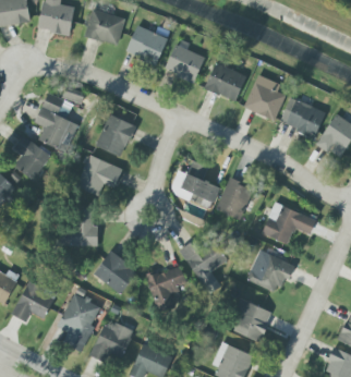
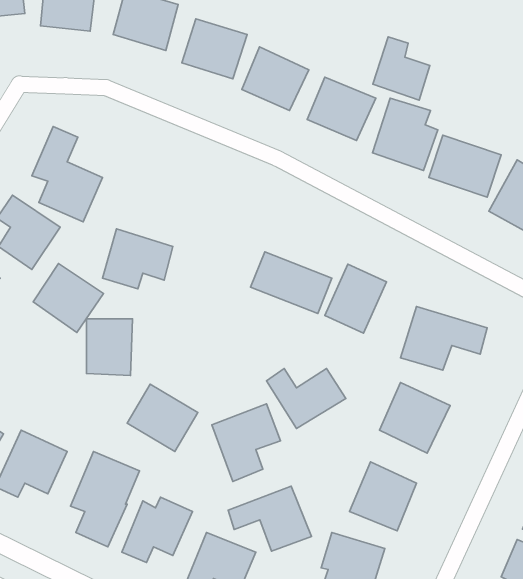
building: none -> [373,37,430,100]
building: [96,114,136,157] -> none
building: none -> [33,264,104,333]
building: none -> [228,486,311,551]

